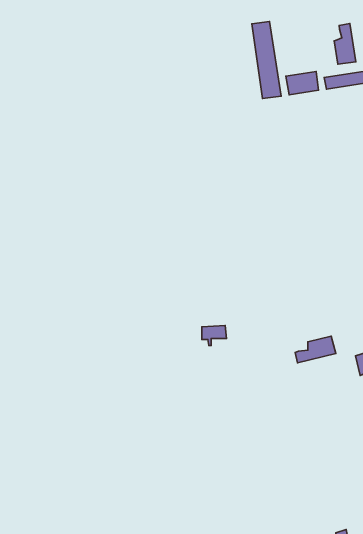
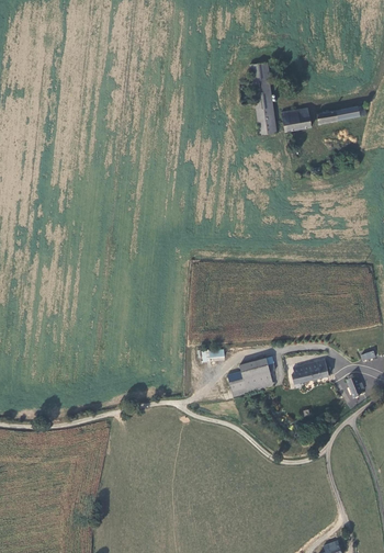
building: [334,24,356,64] -> none
building: none -> [229,357,273,393]

